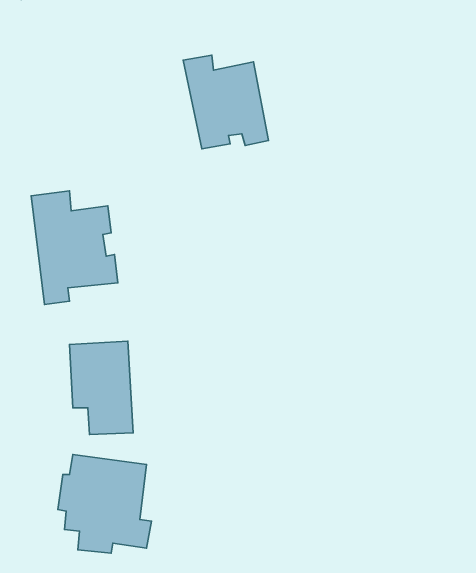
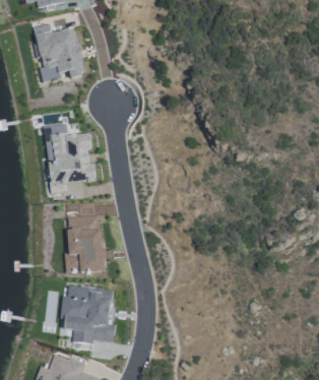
building: [183,55,268,149] -> [33,23,84,80]

